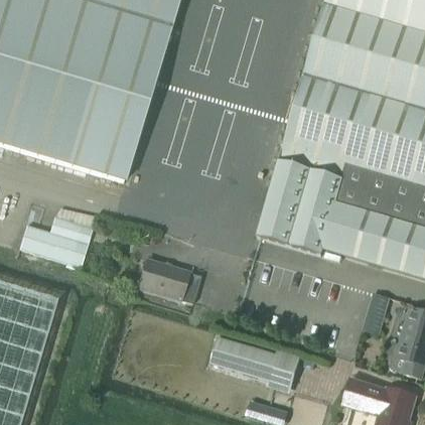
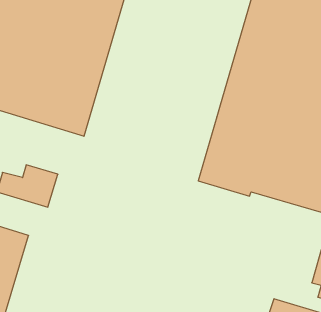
building: [138,259,200,303] -> none
building: [362,292,389,334] -> none
building: [209,337,299,387] -> none

